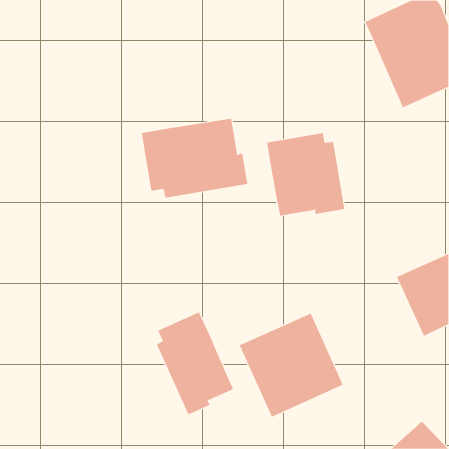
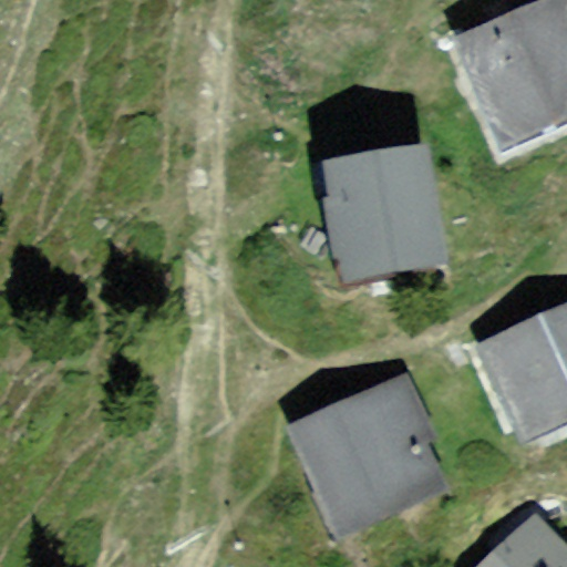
building: [141,118,248,198] -> none
building: [156,312,234,415] -> none

